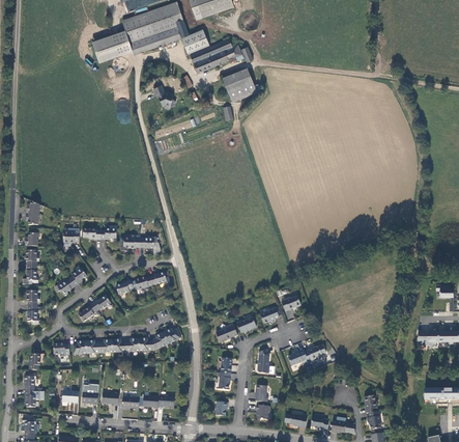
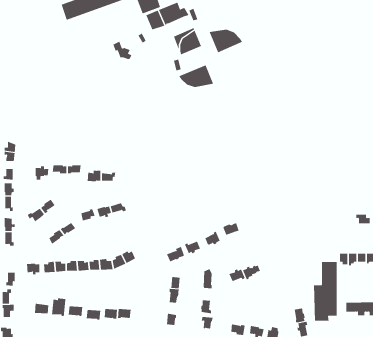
building: none -> [209,29,243,53]
building: none -> [178,64,214,88]
building: none -> [314,261,337,321]

